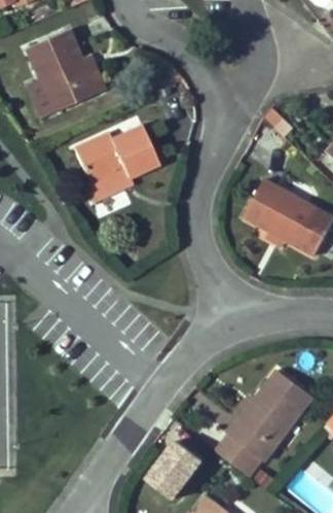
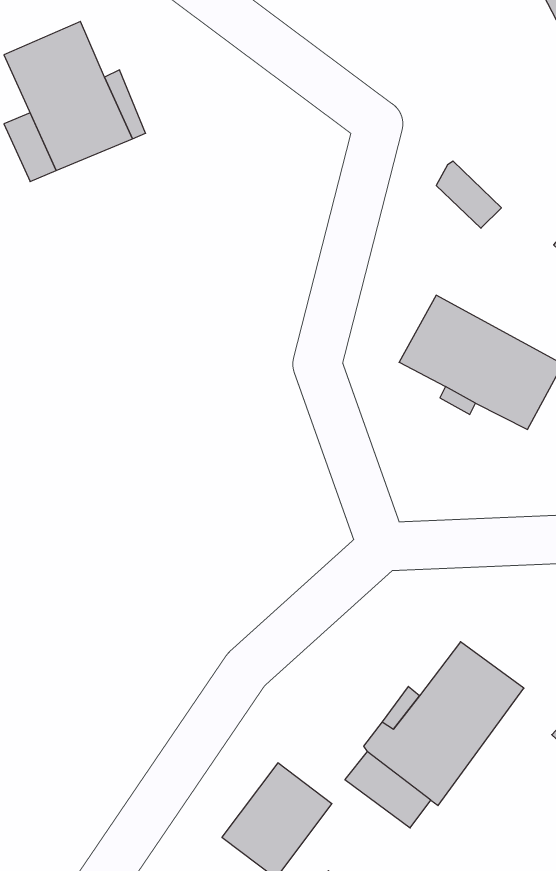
building: [74,126,157,200] -> none

